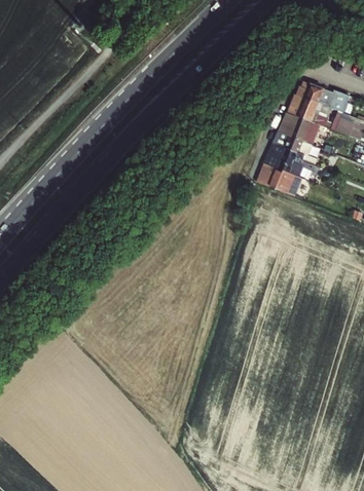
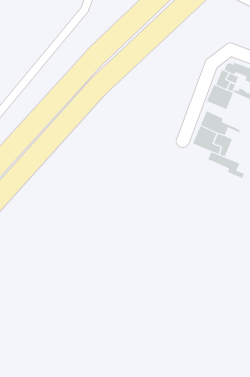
building: [274,129,318,162] -> [207,151,245,179]

